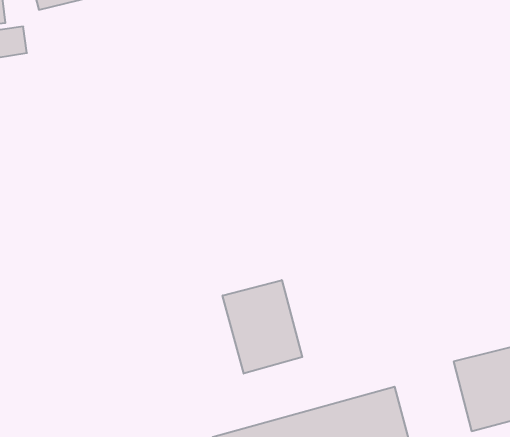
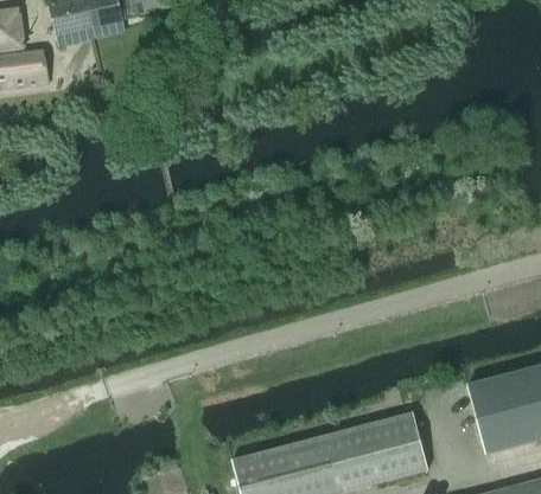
building: [223,280,302,374] -> none

